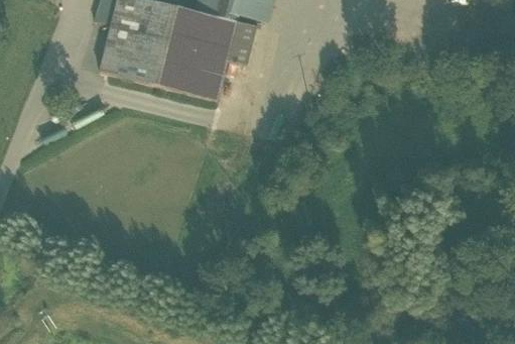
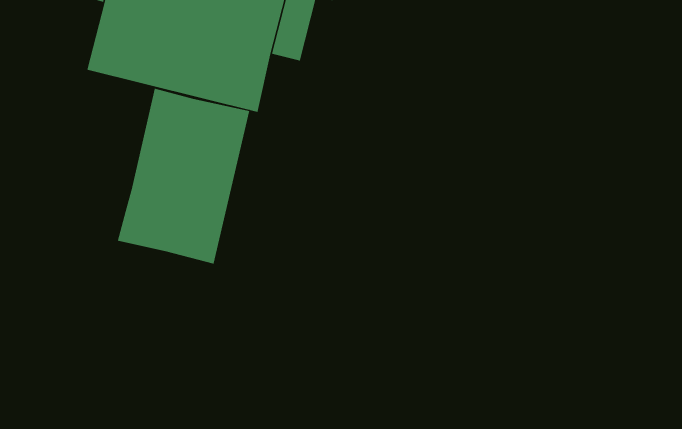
building: none -> [117,88,250,264]

